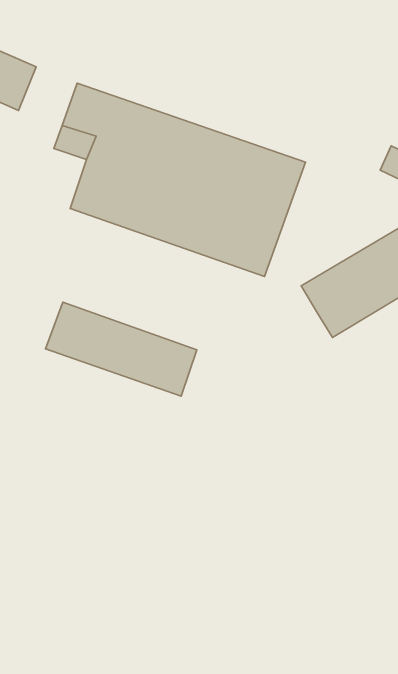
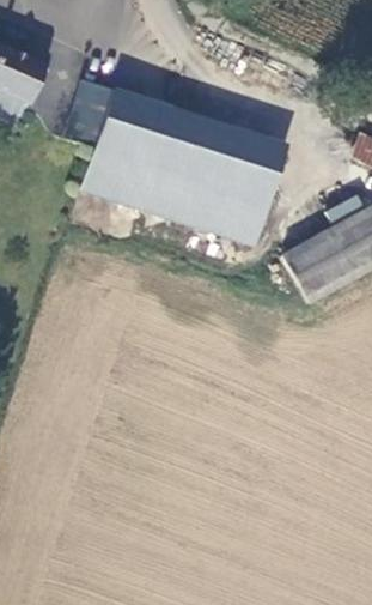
building: [45,302,197,396] -> none

